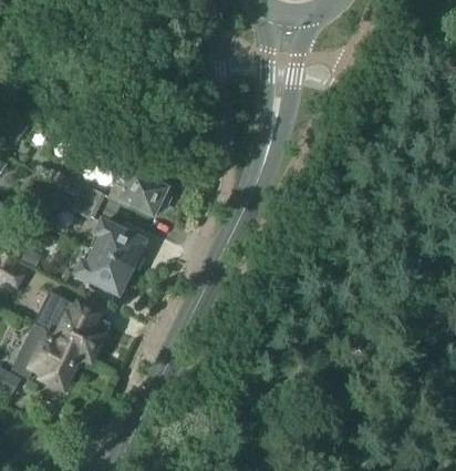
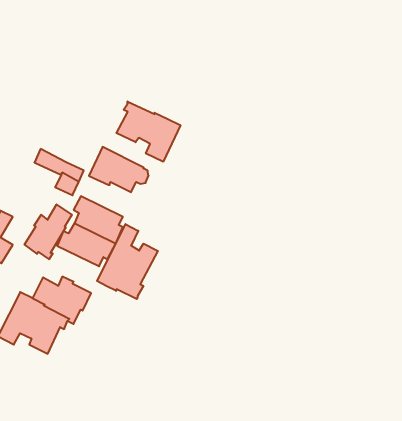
building: none -> [116,101,180,162]
building: none -> [25,204,72,259]
building: none -> [97,224,158,299]

